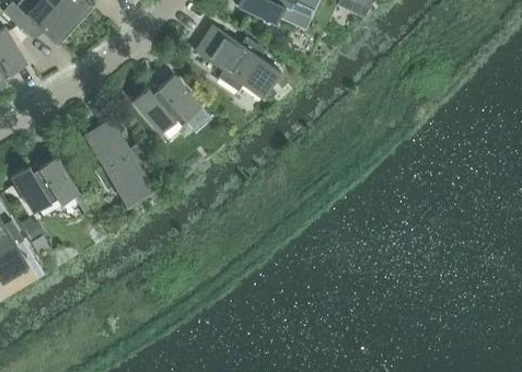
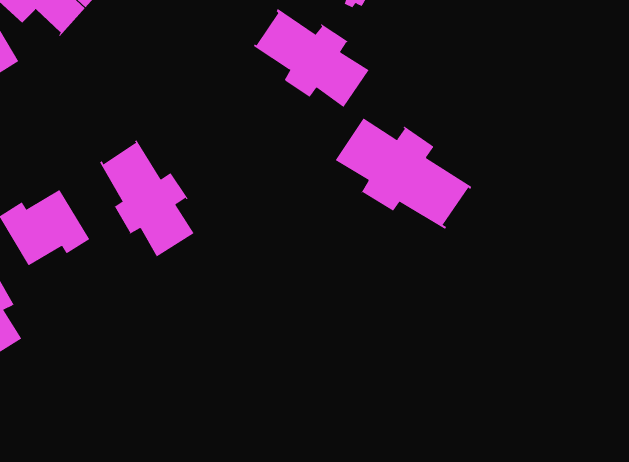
building: [132,75,201,135] -> none
building: none -> [335,117,472,230]

